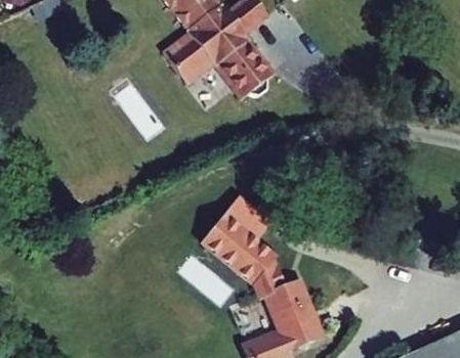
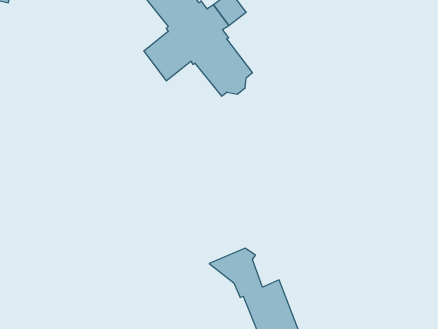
building: [203,197,266,264] -> none

